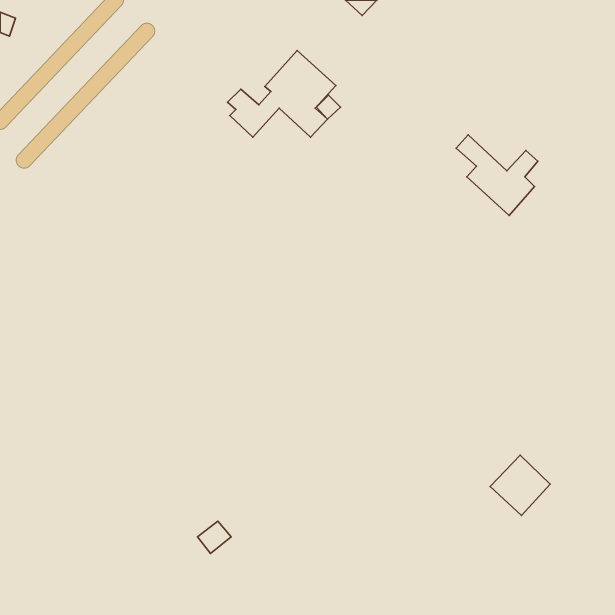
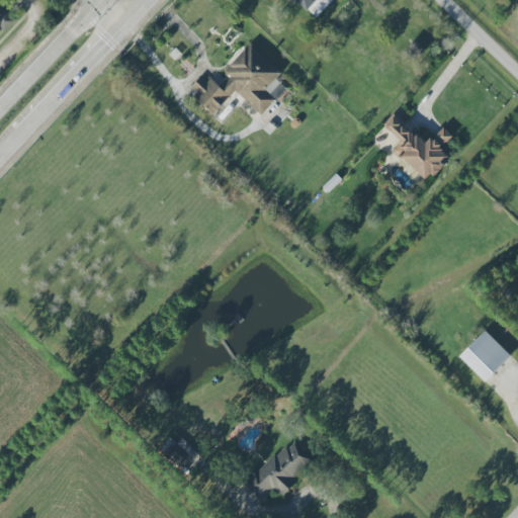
building: [490,455,550,515] -> [459,331,510,381]
building: none -> [241,440,312,501]

